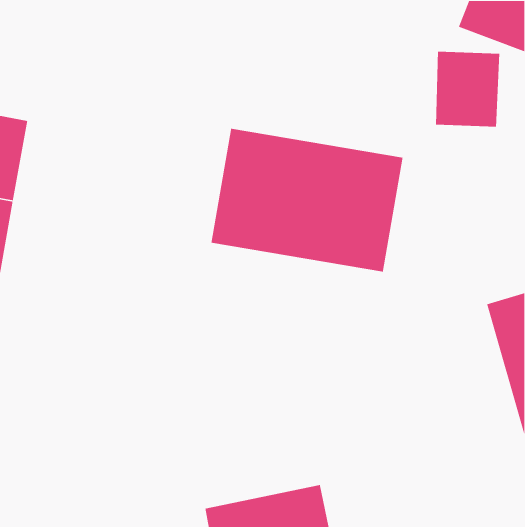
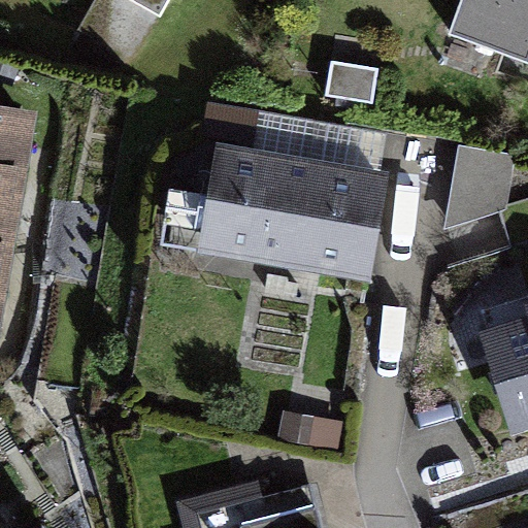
building: [435,51,500,127] -> [441,146,505,222]

